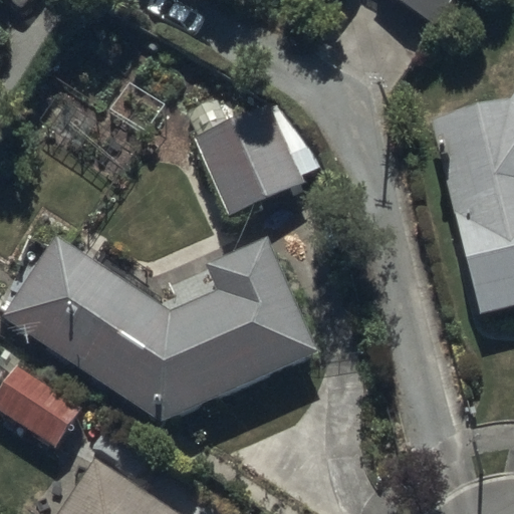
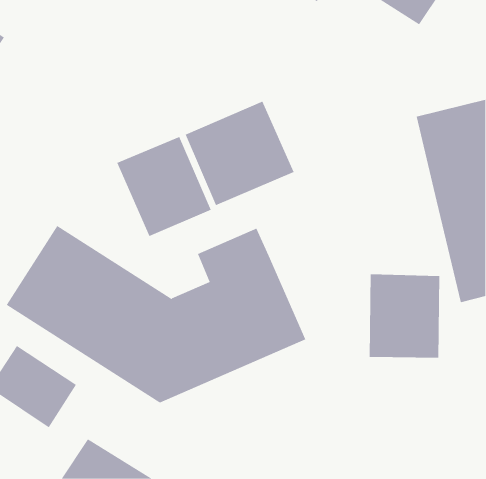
building: none -> [117,136,211,237]
building: none -> [369,274,440,359]

